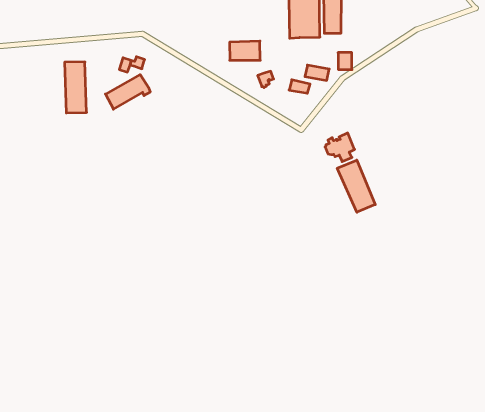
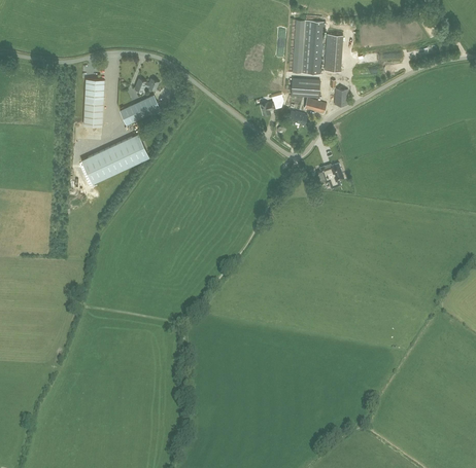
building: [230,41,260,60] -> [291,78,319,97]
building: none -> [80,133,148,183]
building: [337,160,375,212] -> none

